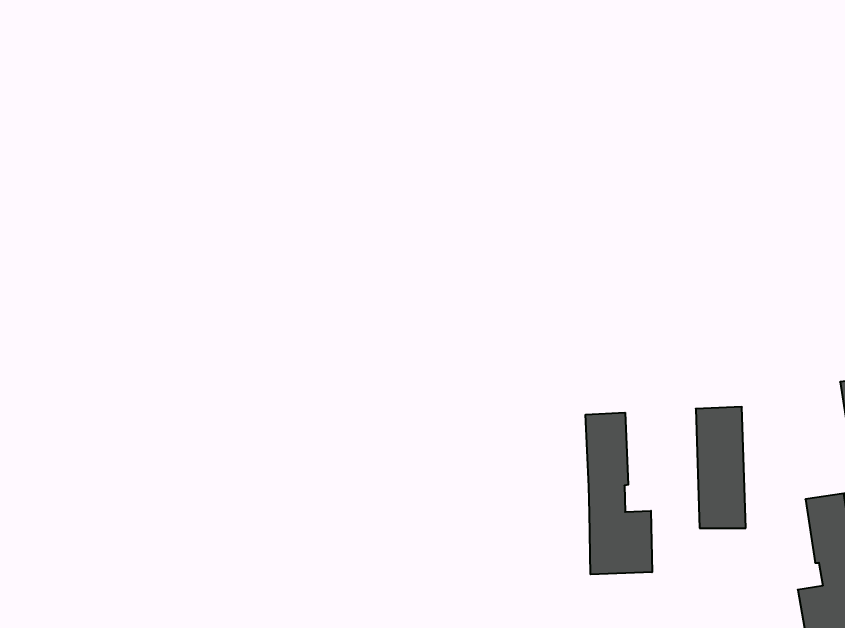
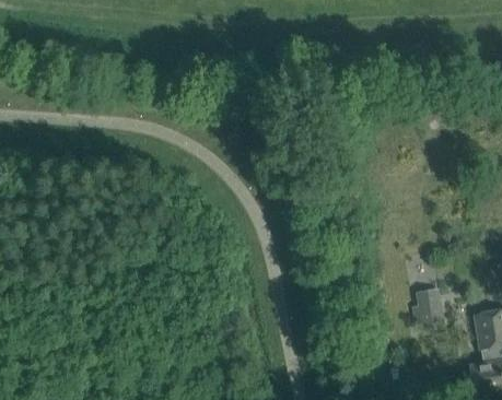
building: [586,413,652,574] -> none

